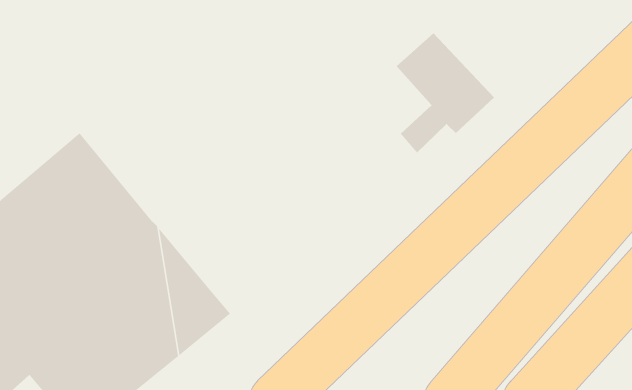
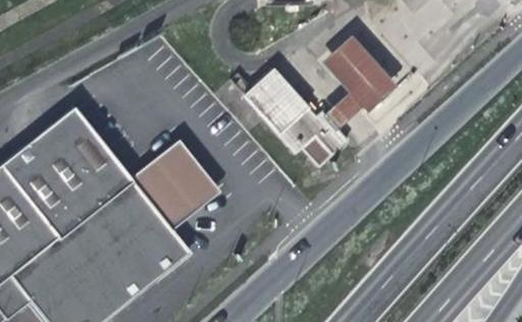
building: none -> [240,66,346,164]
building: none -> [132,141,219,232]

